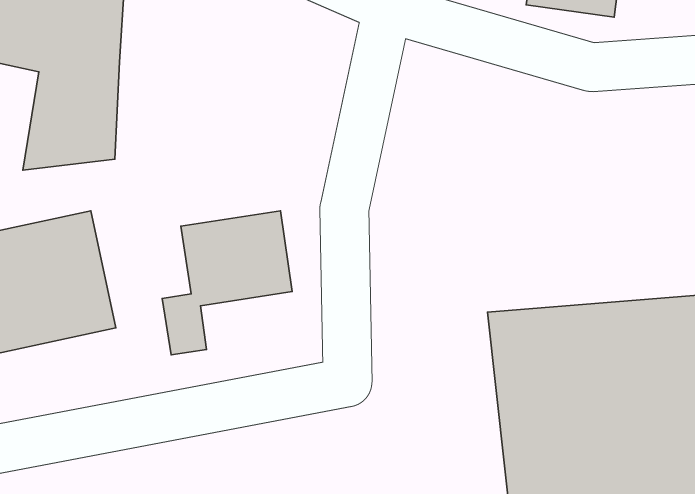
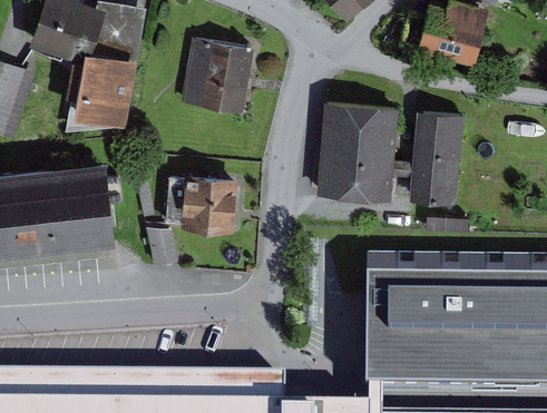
building: none -> [178,40,253,116]
building: none -> [318,105,397,204]
building: none -> [418,112,461,207]

